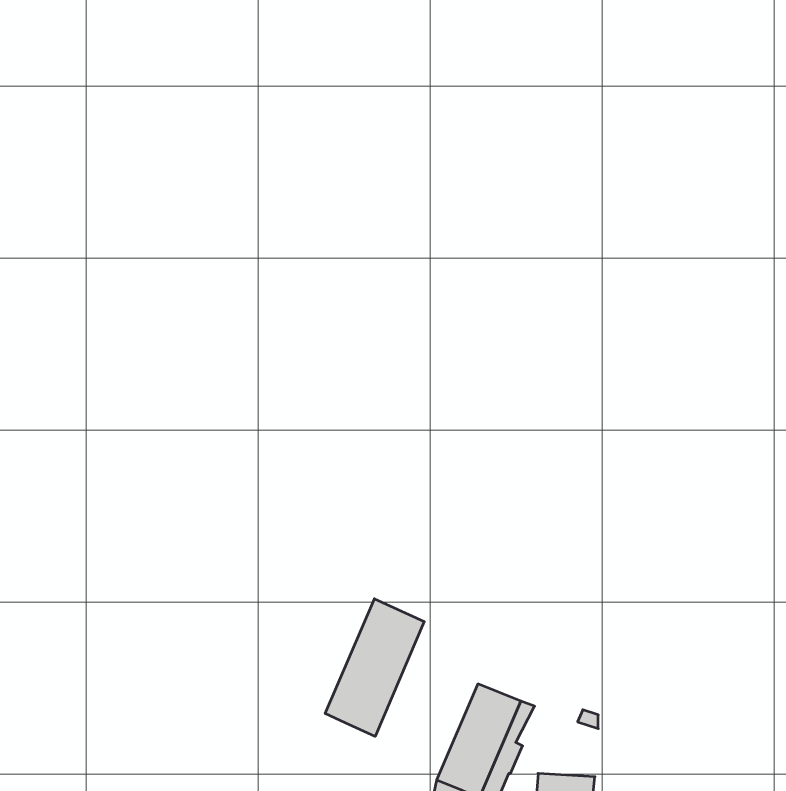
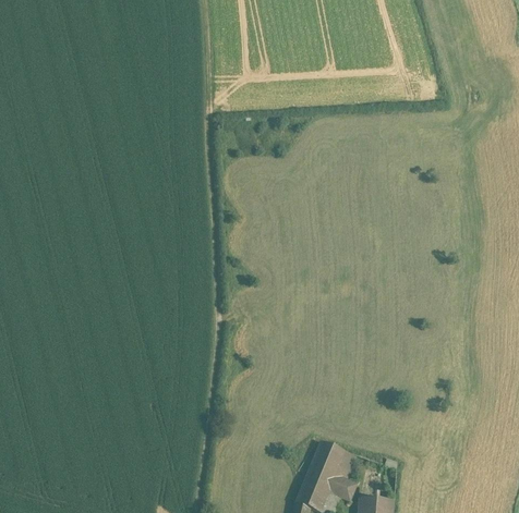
building: [325,599,424,736] -> none

